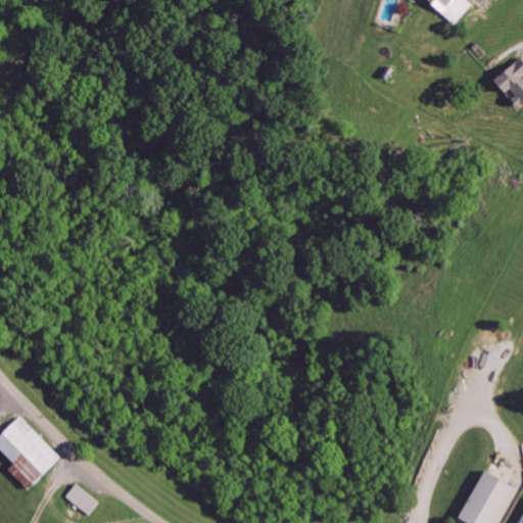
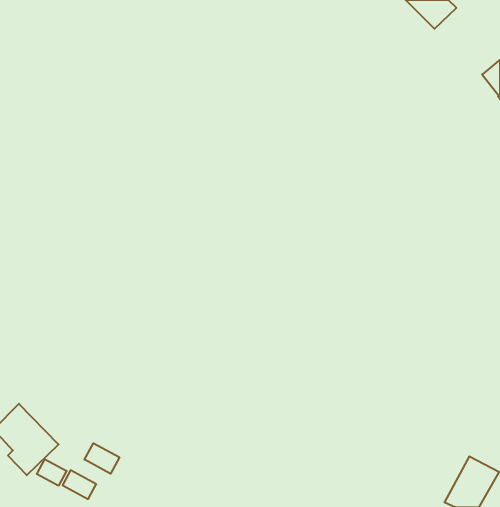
building: none -> [84,443,119,474]
building: none -> [37,459,67,486]

